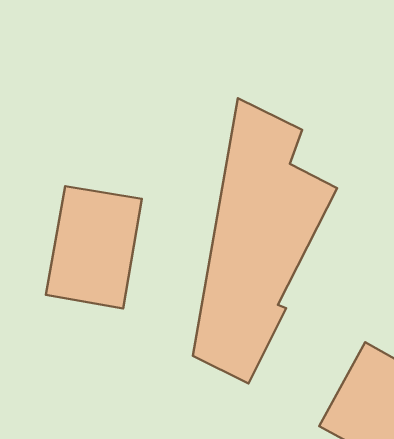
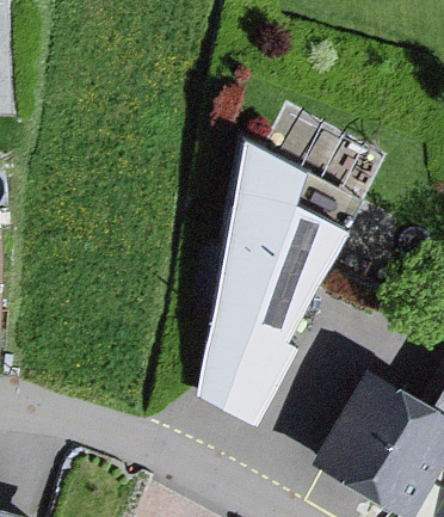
building: [46,186,142,308] -> none

